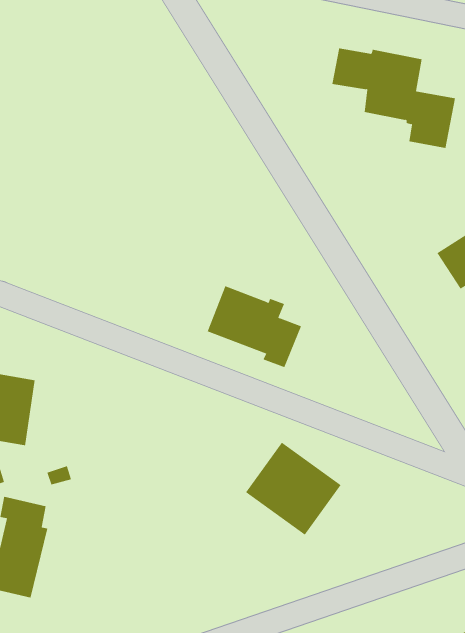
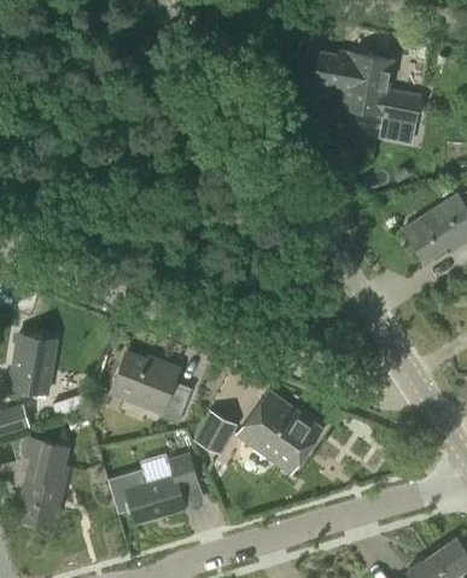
building: [207,286,302,368] -> [110,354,192,425]
building: none -> [192,410,237,455]
building: none -> [125,455,195,524]

